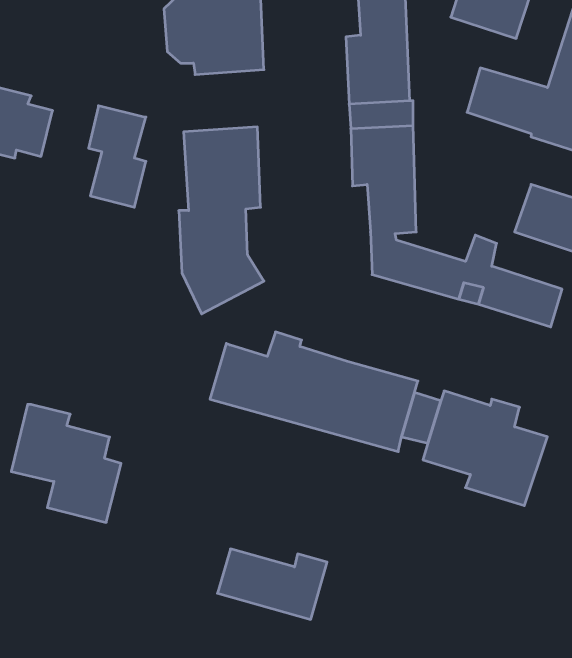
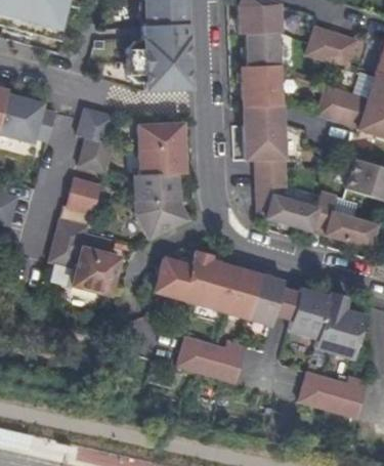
building: none -> [69,177,103,213]
building: [11,404,121,522] -> [53,219,122,293]
building: none -> [300,373,369,418]
building: [217,549,327,619] -> [180,338,249,382]

